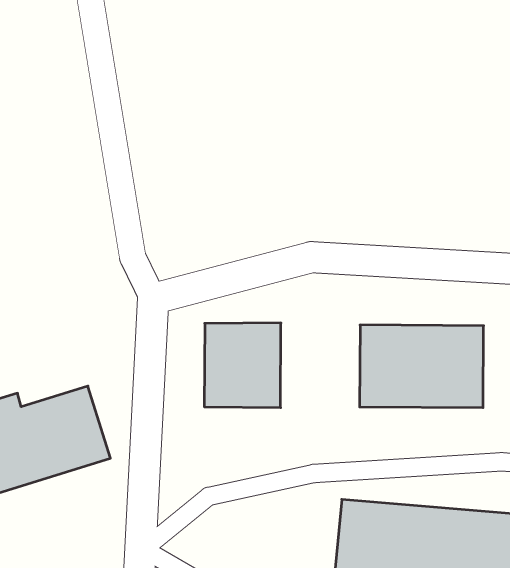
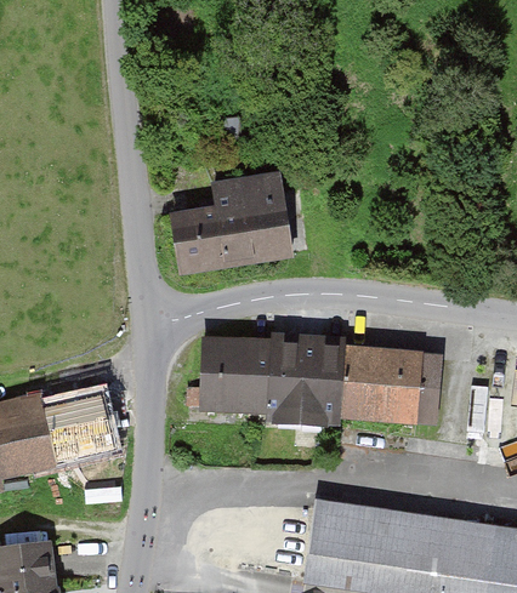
building: none -> [169,175,292,273]
building: none -> [268,342,342,420]

